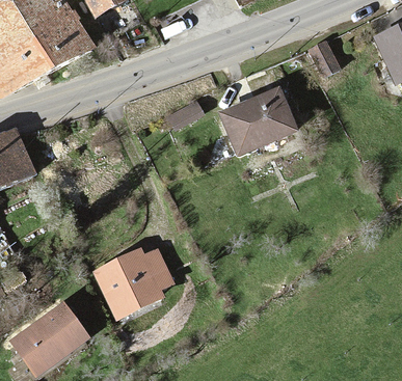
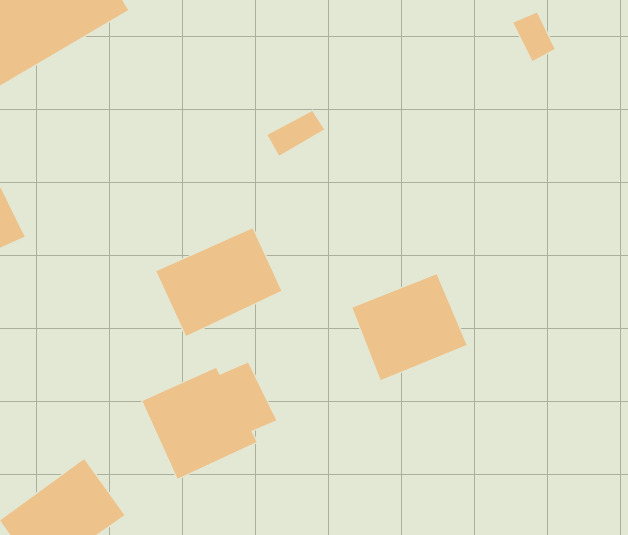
building: [225,89,293,152] -> [352,274,467,381]
building: none -> [156,227,282,337]

